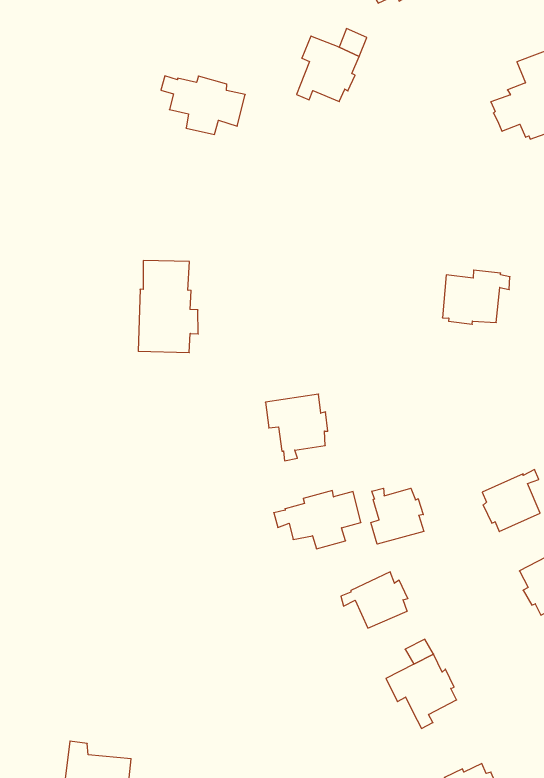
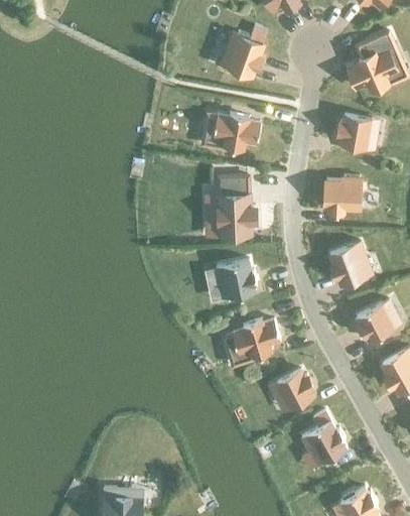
building: [161,76,245,134] -> [206,115,259,151]
building: none -> [336,117,370,153]
building: [138,261,198,353] -> [217,177,255,236]
building: none -> [328,244,367,285]
building: [371,488,424,544] -> none

